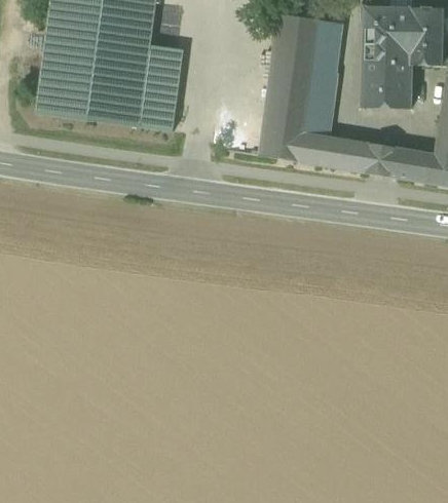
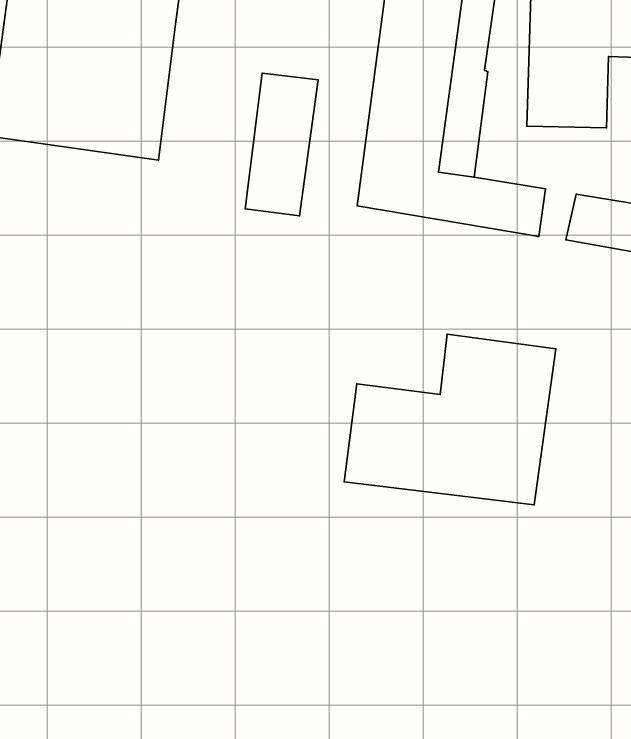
building: [139,44,183,130] -> [245,73,318,216]
building: [369,144,391,175] -> none
building: none -> [344,334,556,505]

